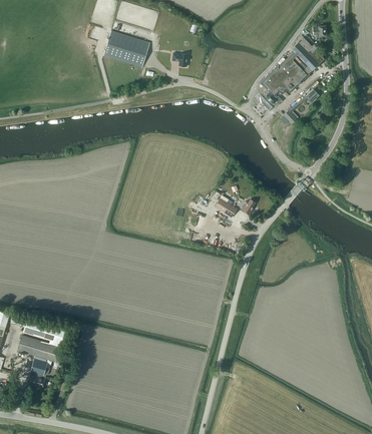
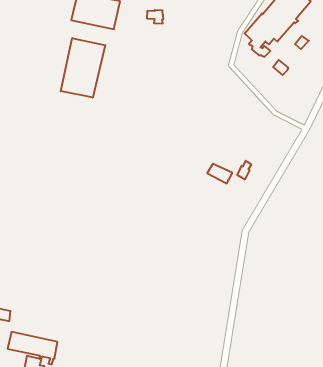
building: none -> [61,38,105,98]

